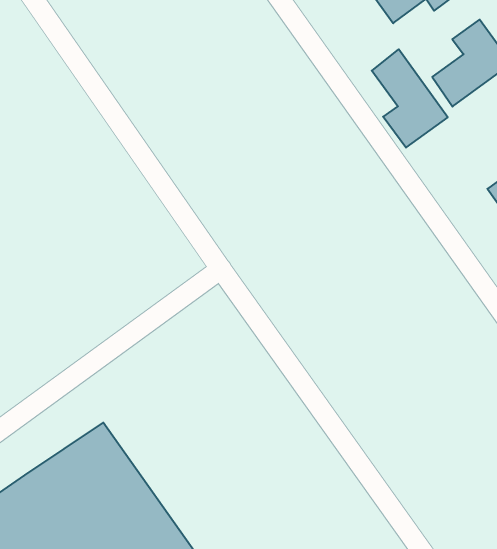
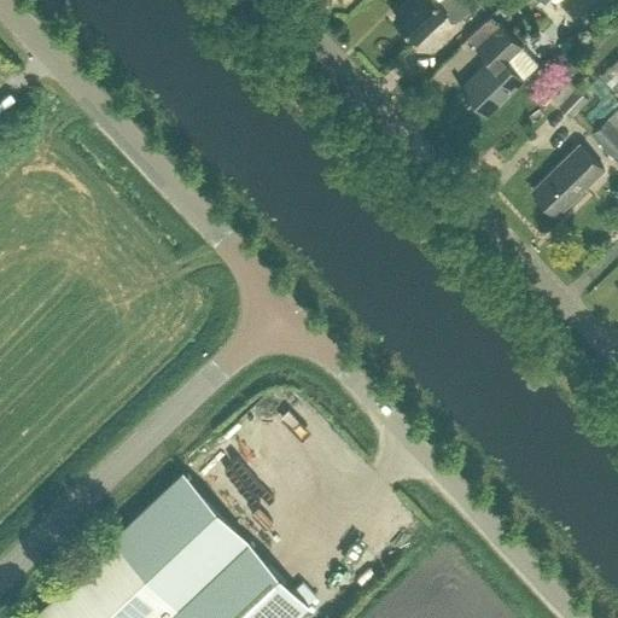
building: [372,49,448,148] -> none

